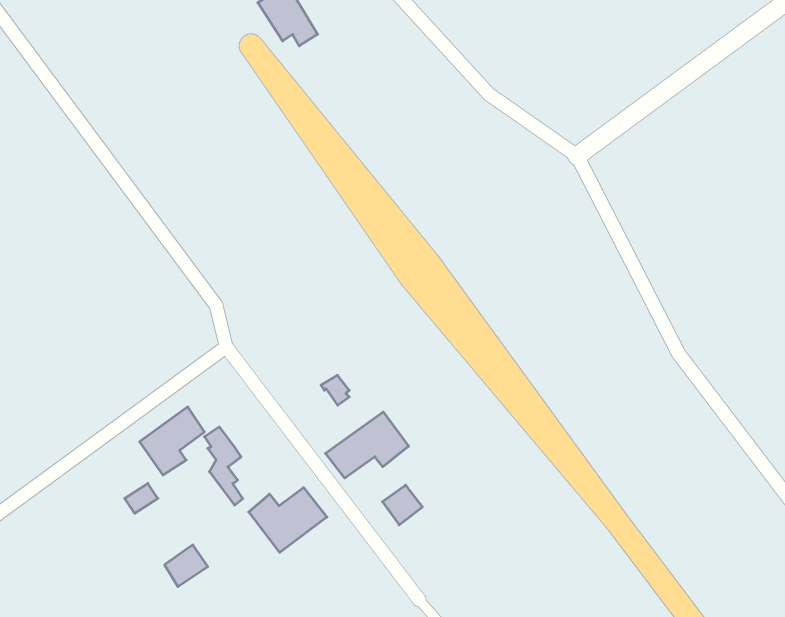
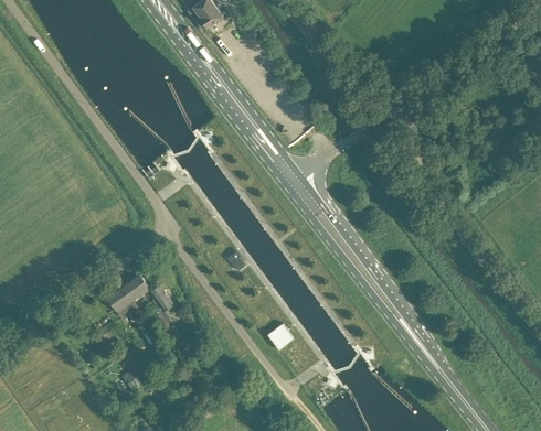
building: [325,412,409,478] -> none
building: [249,488,327,552] -> none

